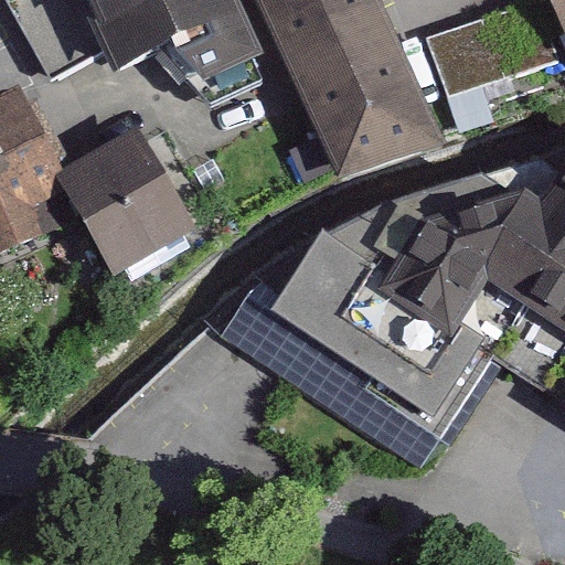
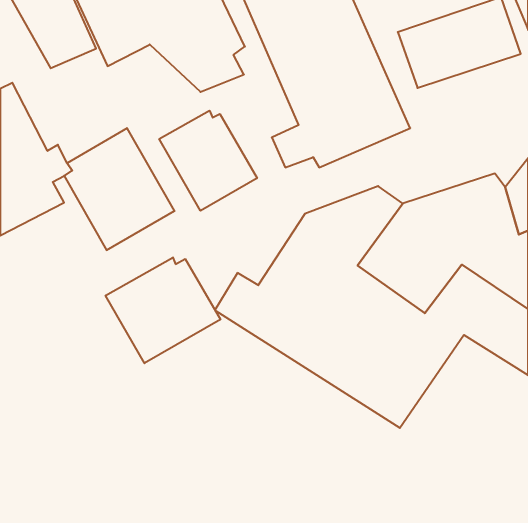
building: none -> [159,111,257,211]
building: none -> [106,257,220,363]

